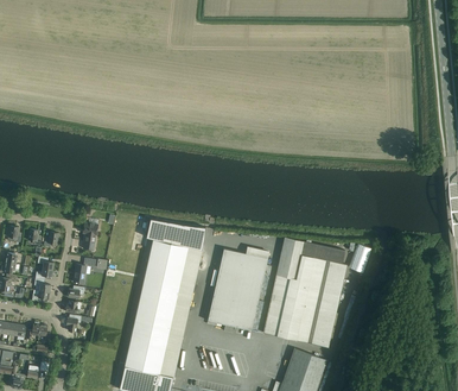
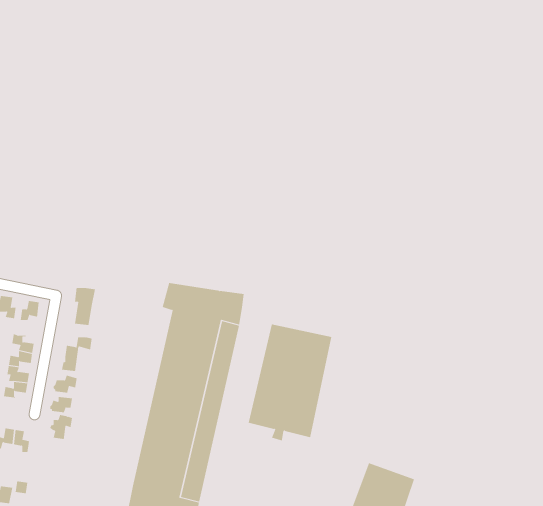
building: [263,237,346,347] -> none

